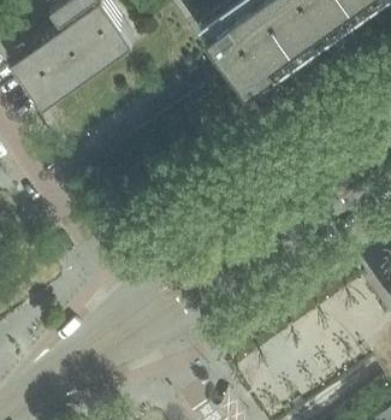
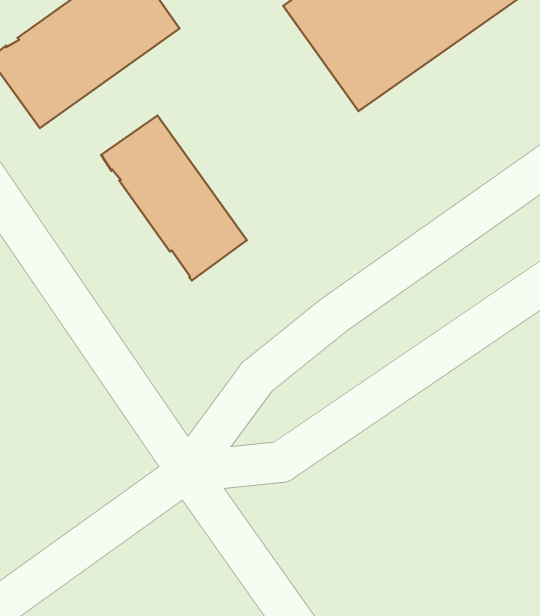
building: none -> [101,115,247,280]

